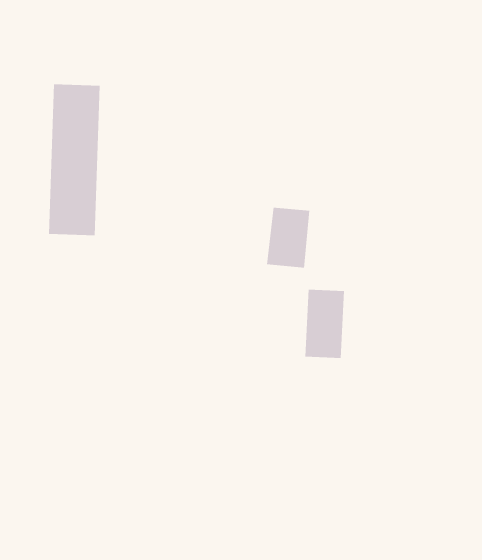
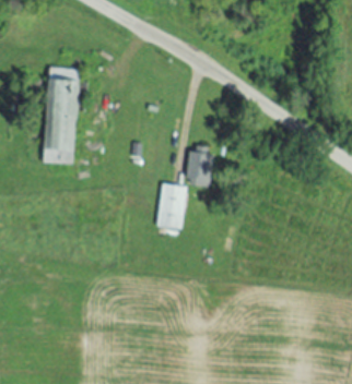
building: [304,289,345,358] -> [159,183,185,228]

